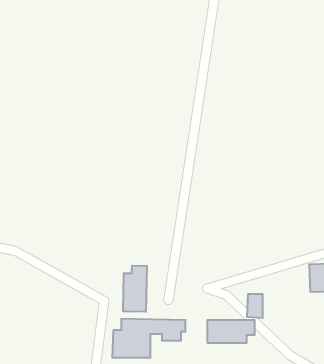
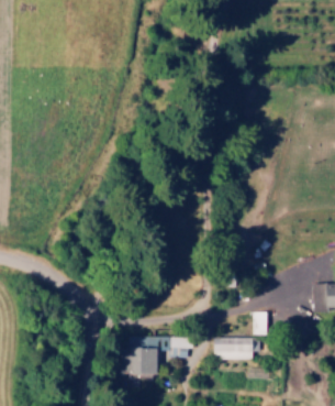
building: [123,266,147,312] -> none

